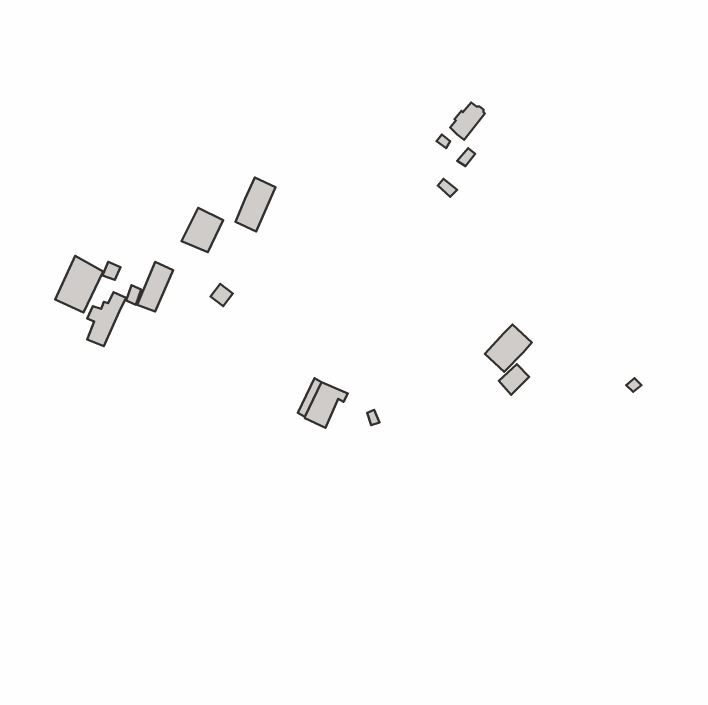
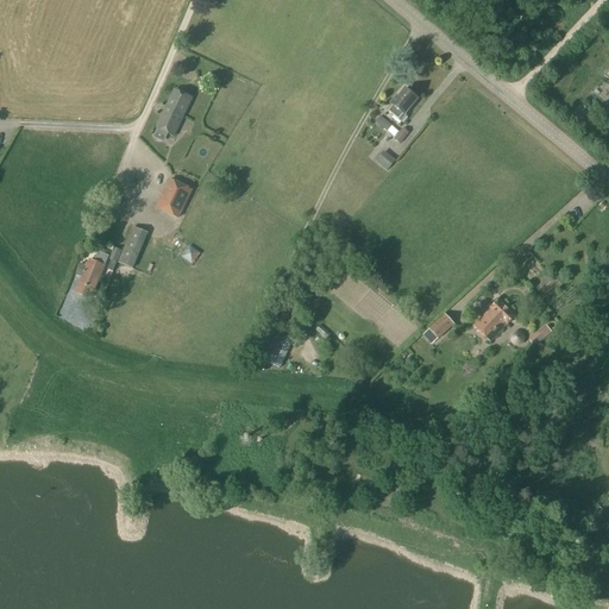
building: [235,178,276,232] -> [156,89,190,136]
building: [55,256,103,312] -> none
building: [485,325,532,372] -> [473,300,514,340]

